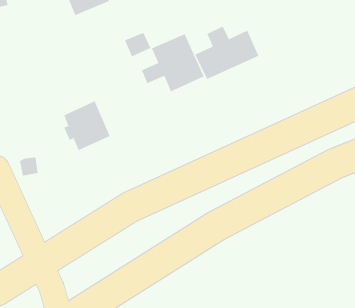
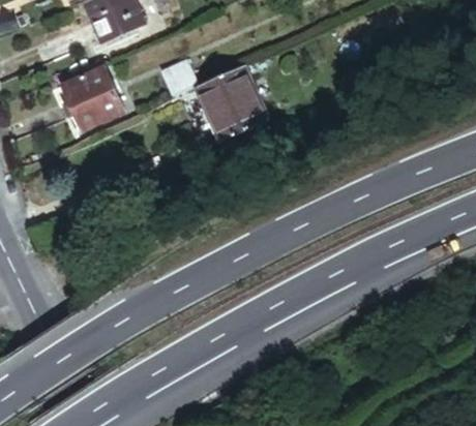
building: [194,26,259,80] -> none
building: [64,101,110,151] -> [63,65,123,129]

